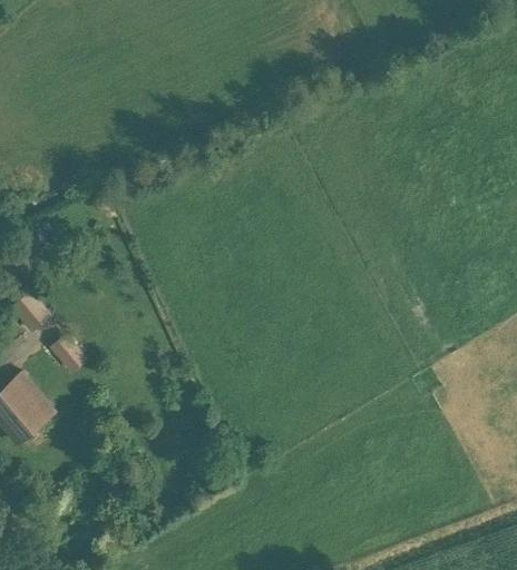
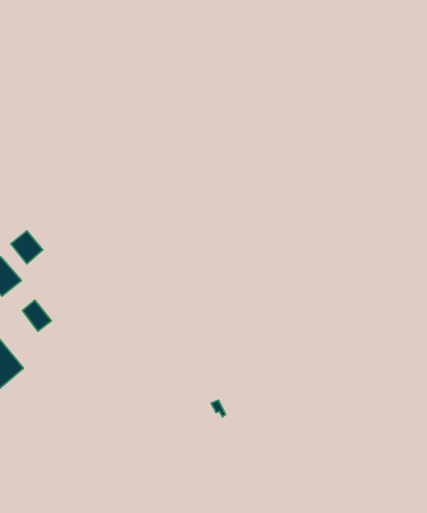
building: none -> [11,231,43,264]

